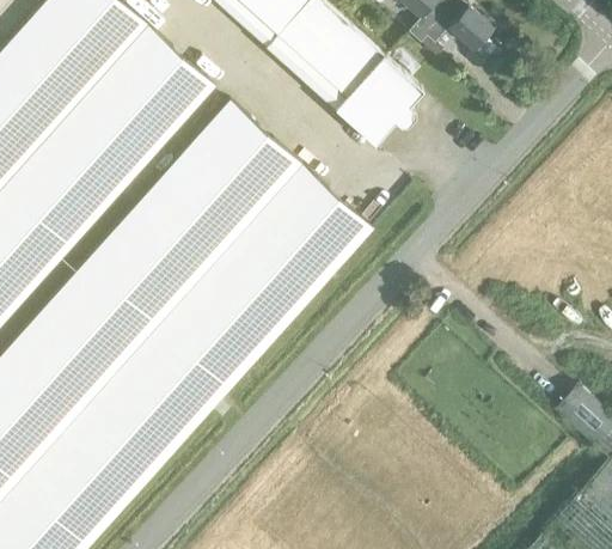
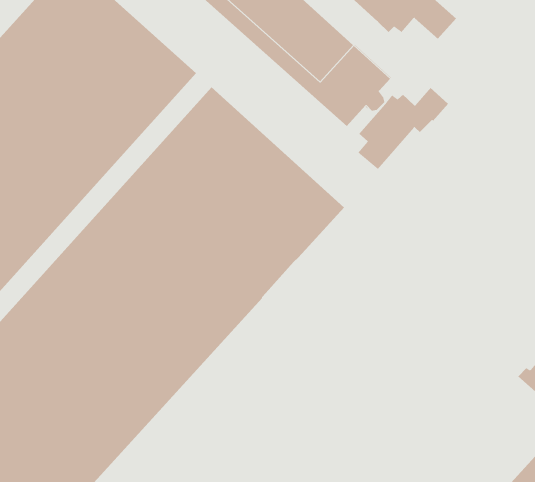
building: none -> [357,87,449,170]

